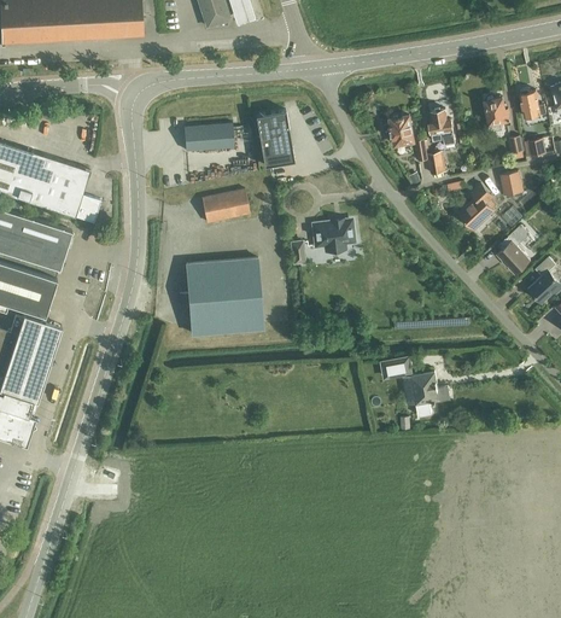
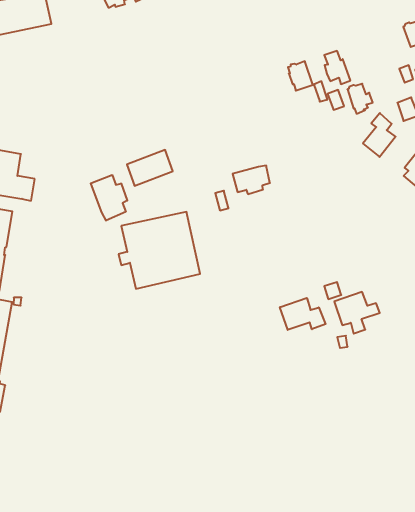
building: [485,97,510,128] -> [347,84,373,114]
building: [256,110,294,165] -> none
building: [183,122,234,151] -> none
building: none -> [91,175,127,221]
building: none -> [280,298,326,330]

